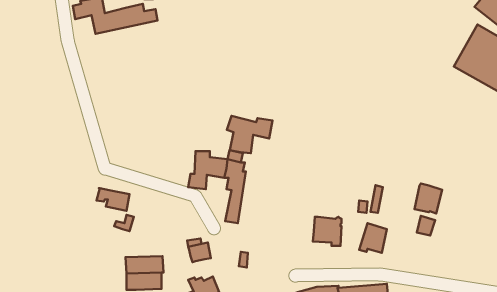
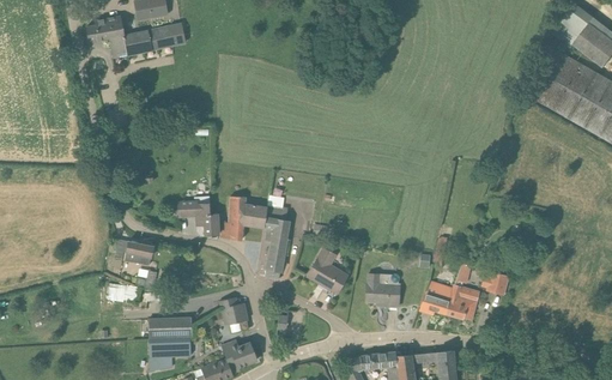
building: [227,116,273,153] -> none
building: none -> [178,200,219,236]
building: [415,184,442,213] -> [447,285,479,320]
building: none -> [308,247,349,294]

